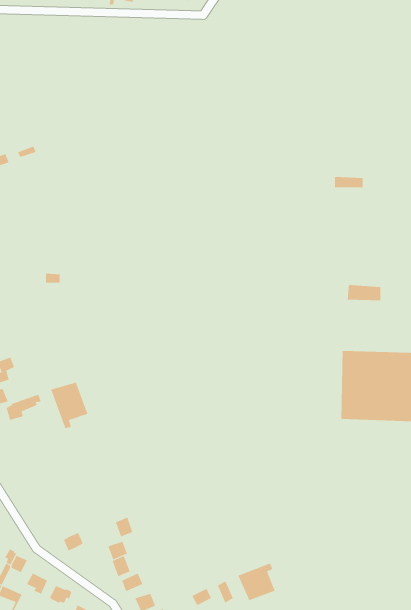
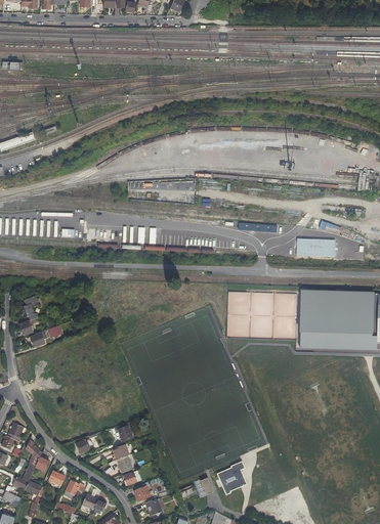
building: [51,382,88,429] -> none

